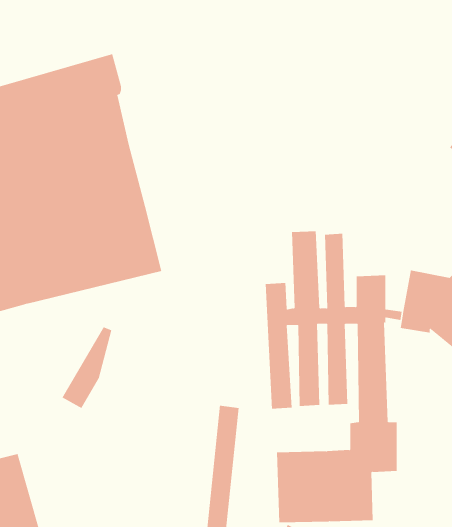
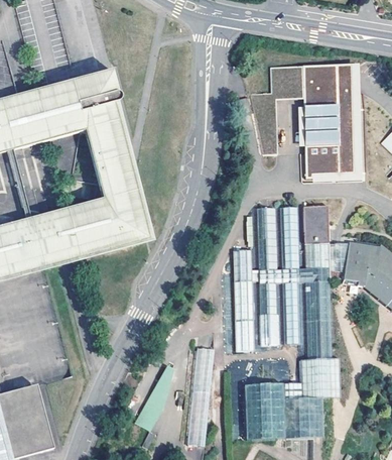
building: none -> [251,63,354,171]
building: none -> [303,206,330,244]
building: [61,327,112,409] -> [134,364,174,430]

